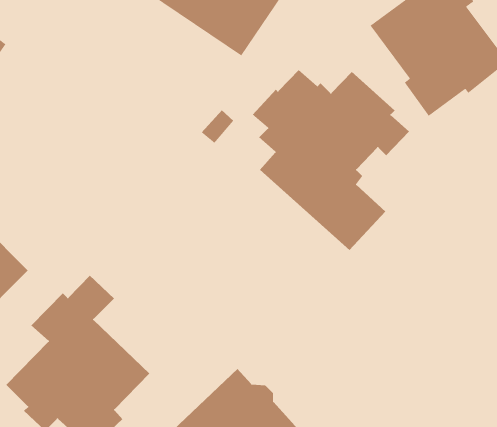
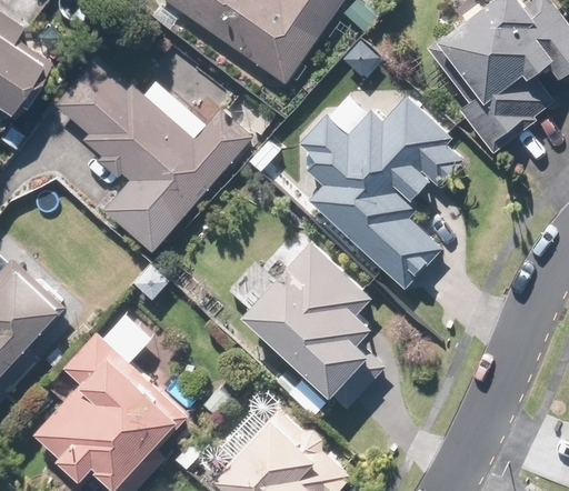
building: none -> [57,63,254,250]
building: none -> [239,241,385,417]

